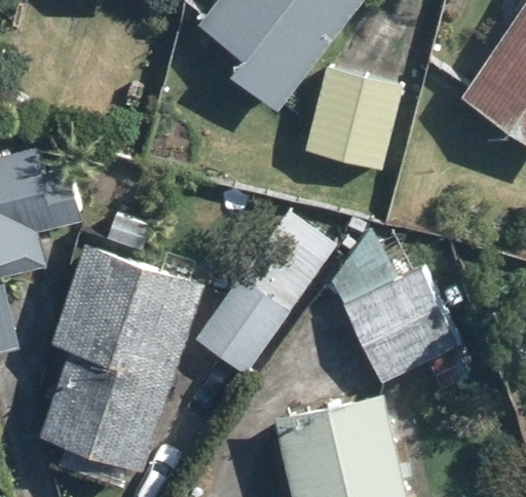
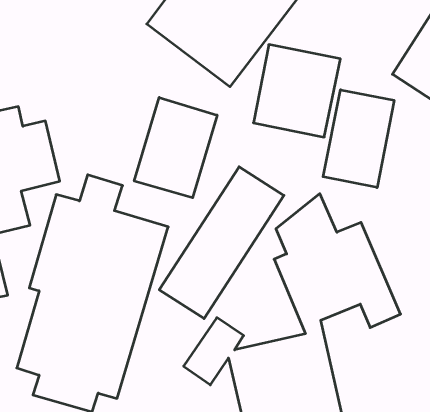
building: none -> [323,90,394,188]
building: none -> [134,97,217,198]

